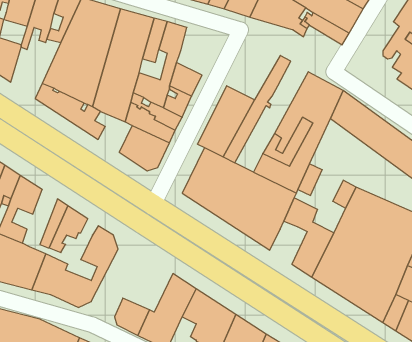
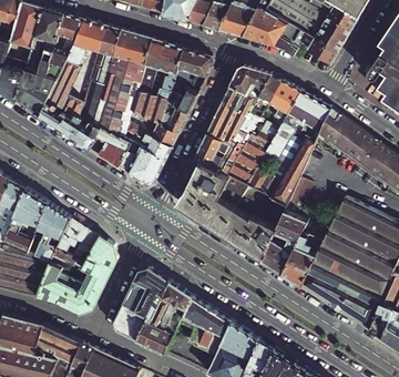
building: none -> [173,48,213,93]
building: none -> [16,59,63,115]
building: none -> [221,65,272,116]
building: none -> [228,80,298,185]
building: none -> [95,128,131,166]
building: none -> [33,202,60,263]
building: none -> [63,230,99,271]
building: none -> [262,237,297,273]
building: none -> [122,267,170,318]

